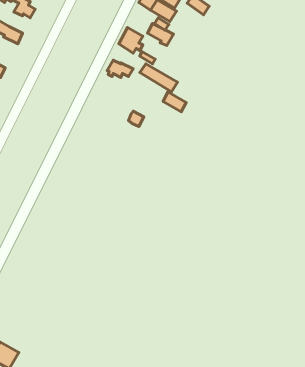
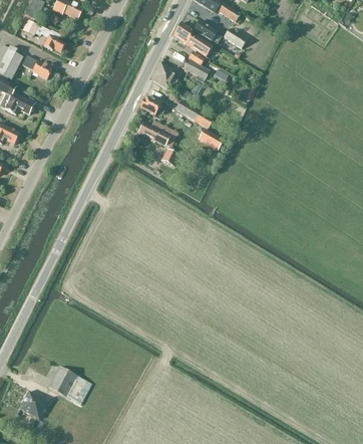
building: none -> [138,122,177,148]
building: none -> [48,367,86,402]

